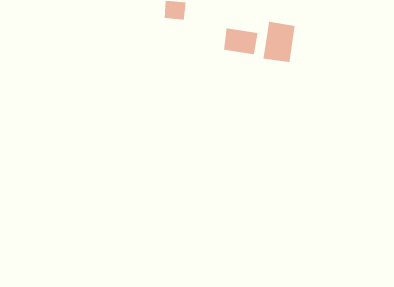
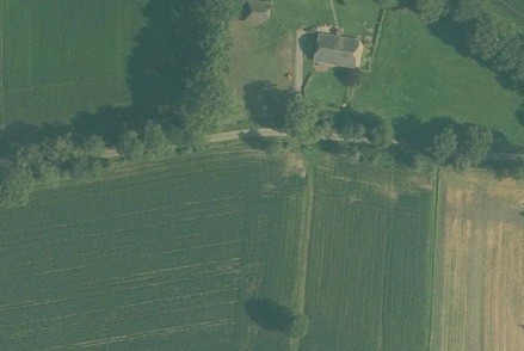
building: [263,21,296,63] -> none

